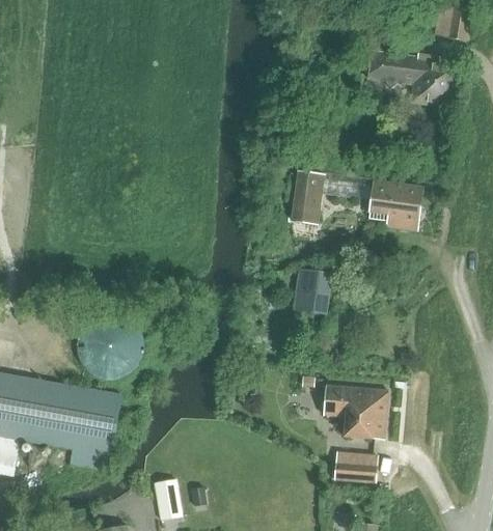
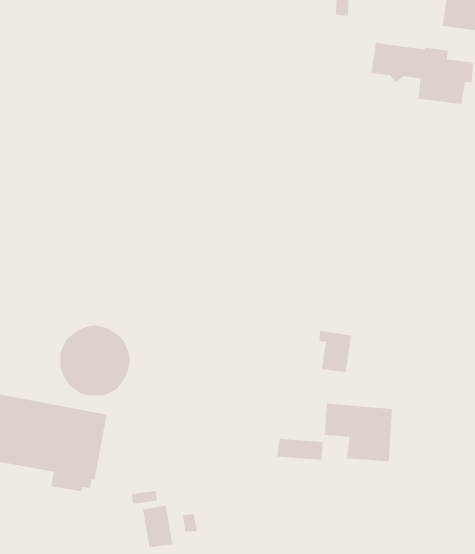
building: [292,171,422,228] -> none
building: [298,271,329,310] -> [318,330,352,373]
building: [333,460,377,481] -> [277,438,323,460]

